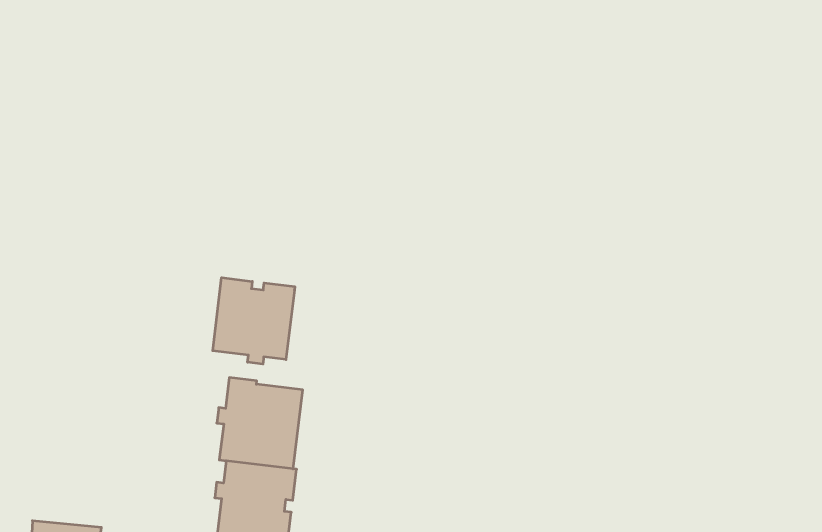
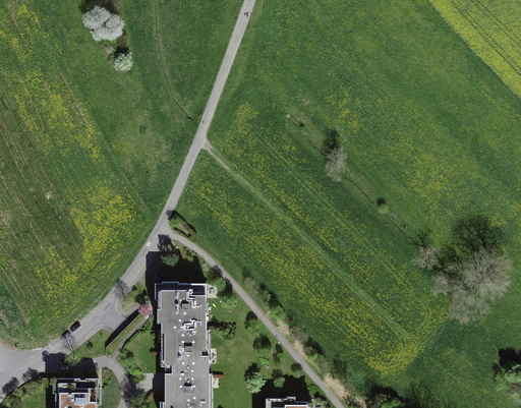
building: [213,278,295,364] -> none

